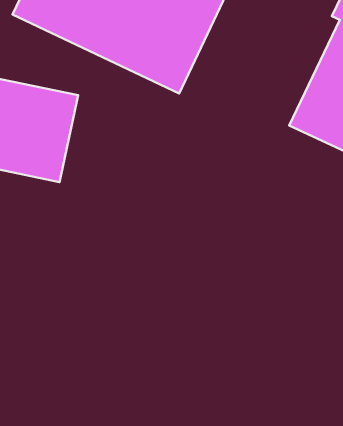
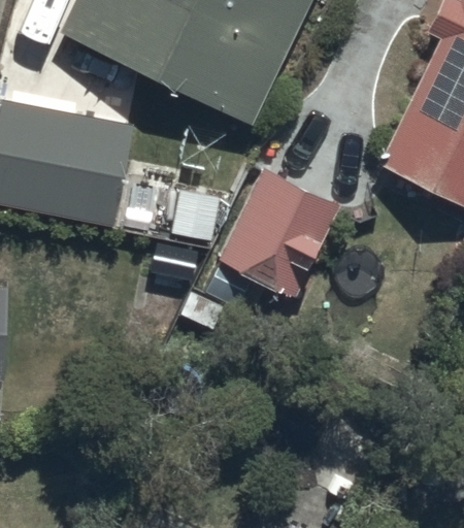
building: none -> [216,169,340,300]

